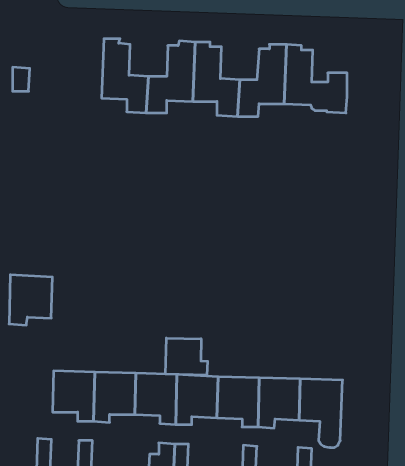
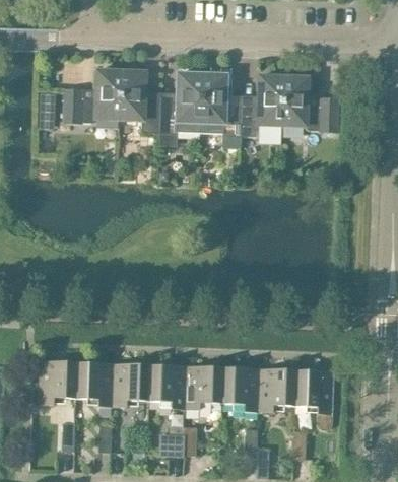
building: none -> [58,66,122,124]
building: [9,275,52,325] -> [39,360,77,405]
building: [166,338,208,375] -> none

